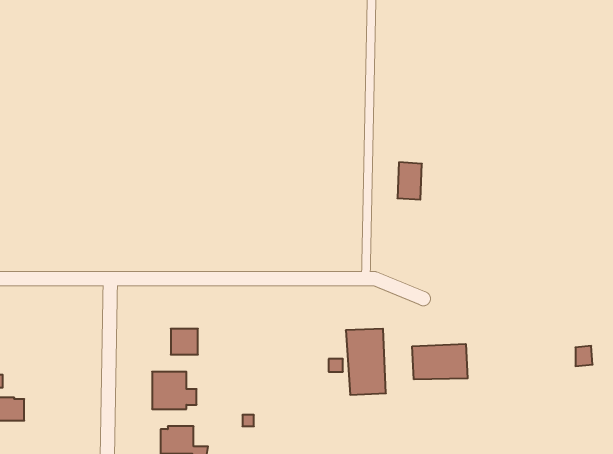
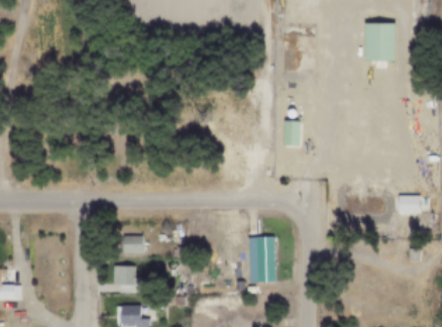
building: none -> [365,22,396,60]
building: none -> [398,194,421,212]
building: [412,344,468,379] -> none

